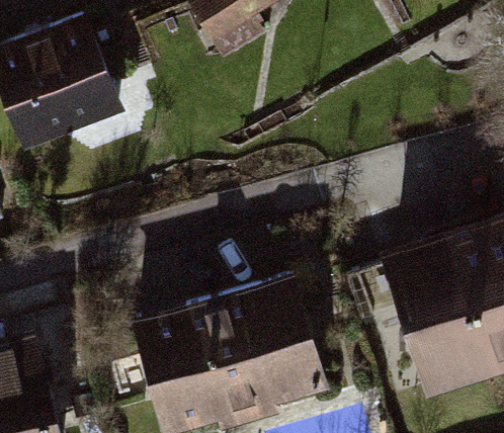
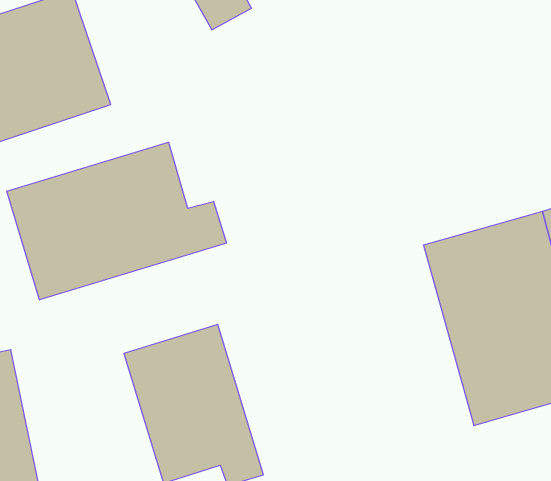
building: none -> [7,142,226,300]
building: [215,272,343,427] -> none

